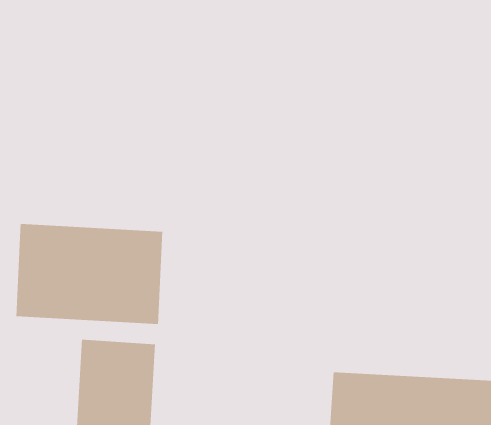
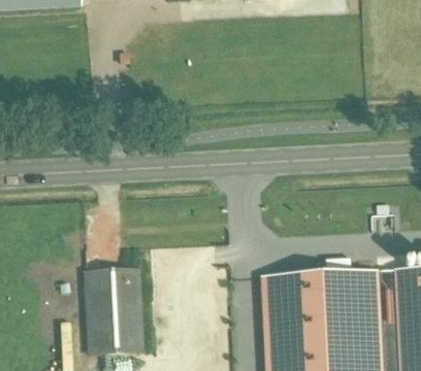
building: [16,223,163,325] -> none

